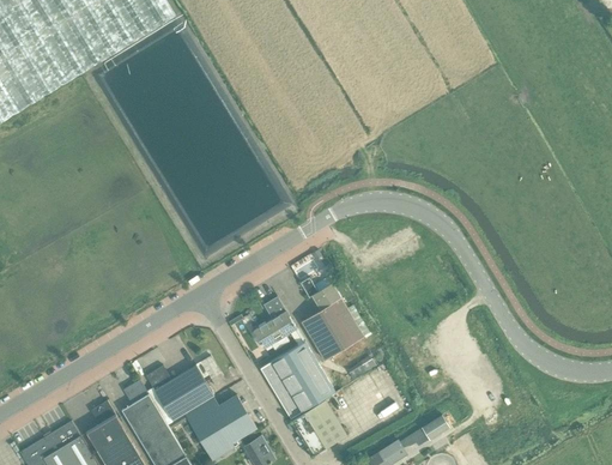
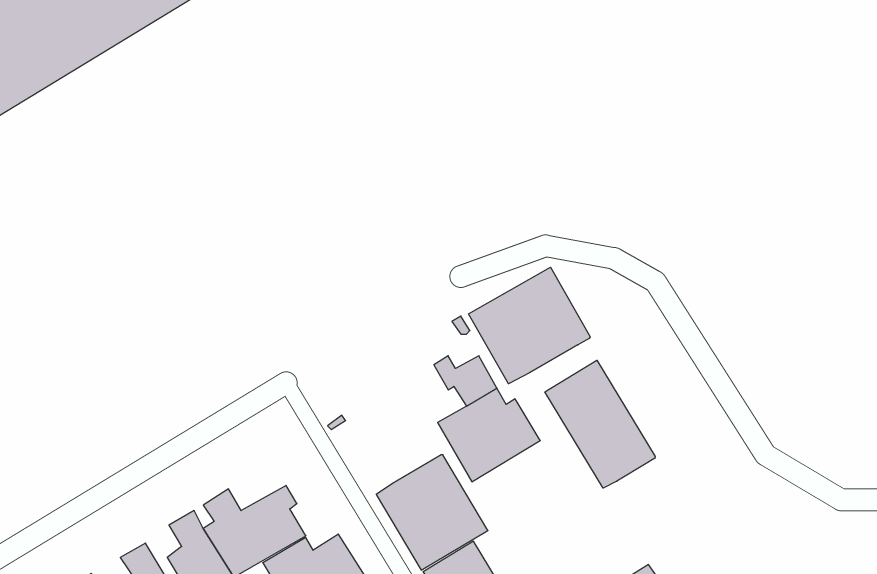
building: none -> [469,267,590,384]
building: none -> [545,360,655,488]
building: [252,296,303,350] -> none

